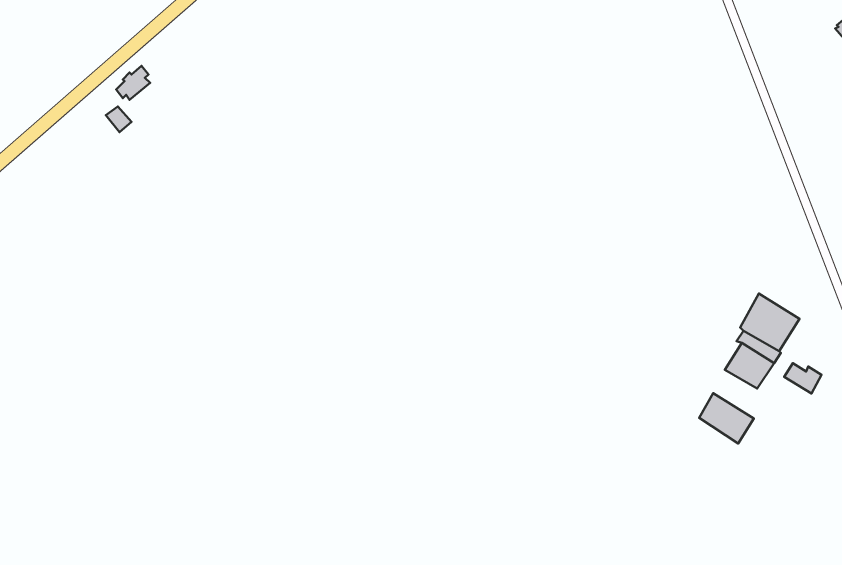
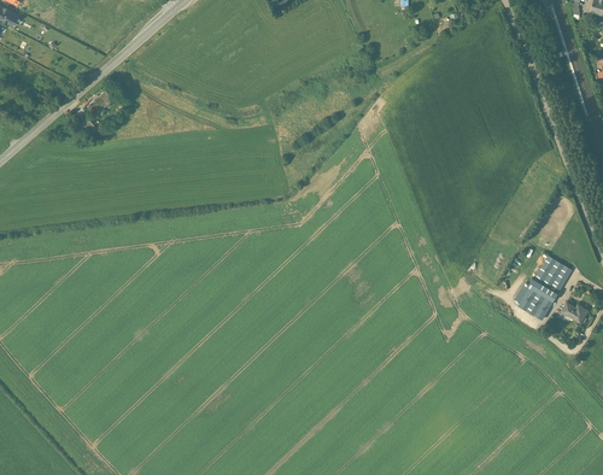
building: [699,393,754,444] -> none

